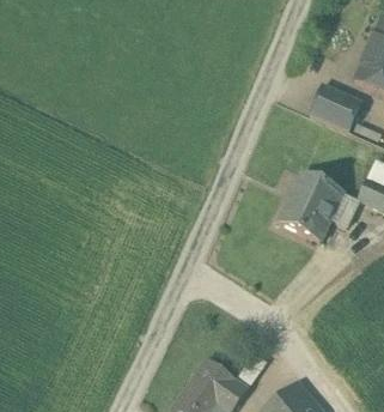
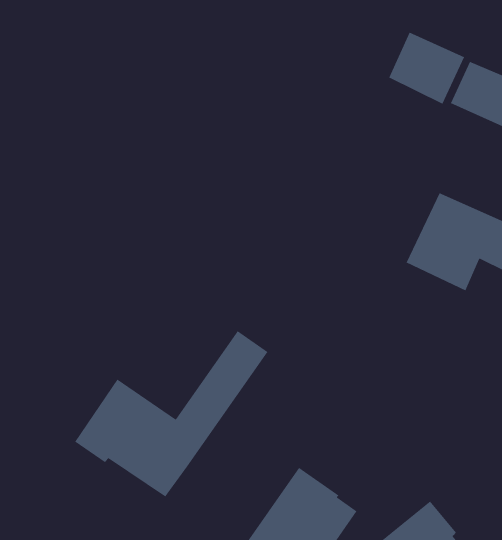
building: none -> [388,32,465,105]
building: none -> [74,330,268,498]

